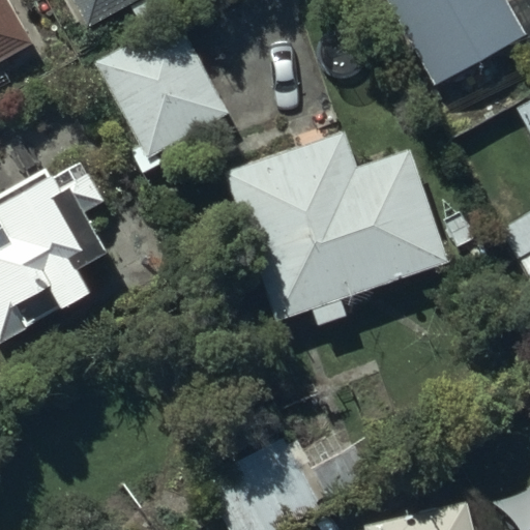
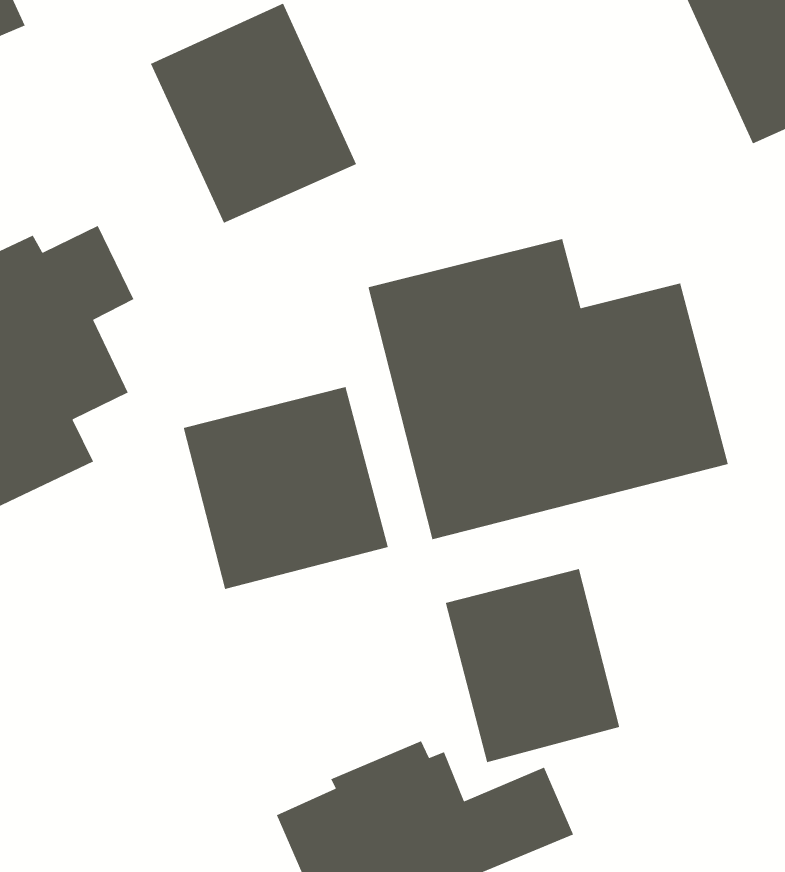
building: none -> [183,386,389,590]
building: none -> [445,568,620,763]

